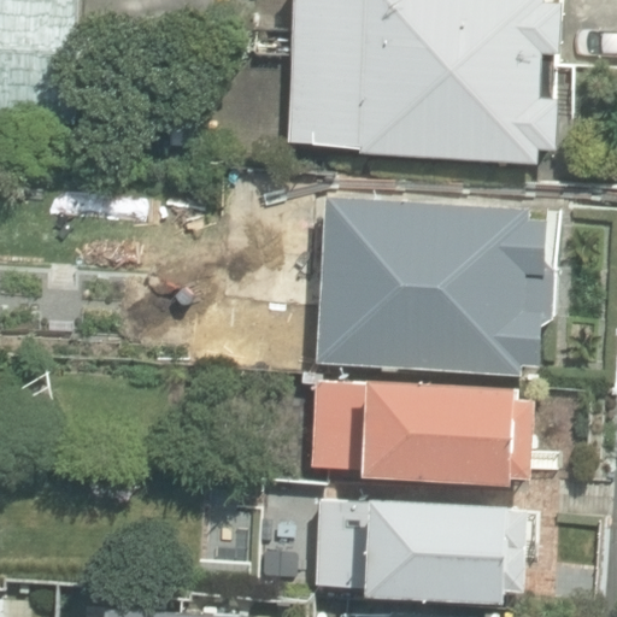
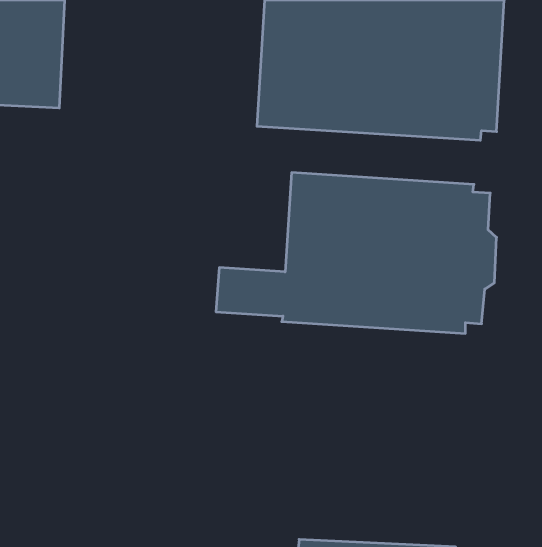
building: [310,380,534,484] -> none
building: [315,499,525,601] -> none

